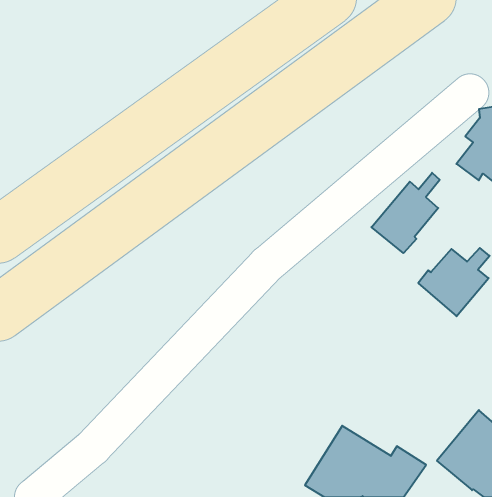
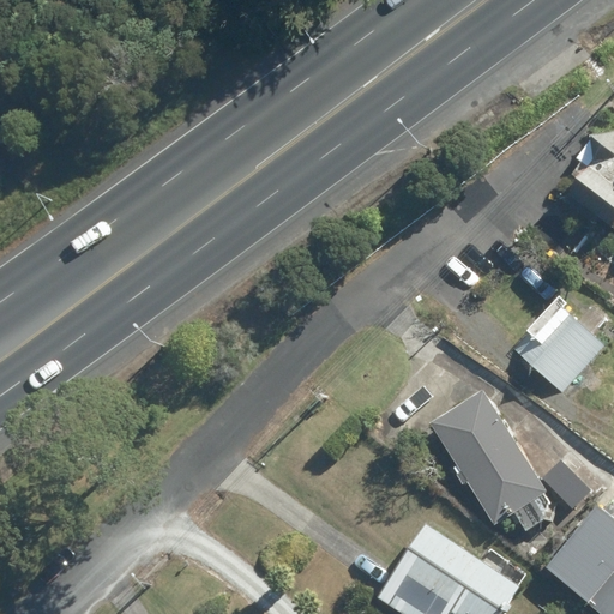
building: [371,173,440,253] -> none
building: none -> [431,391,552,531]

